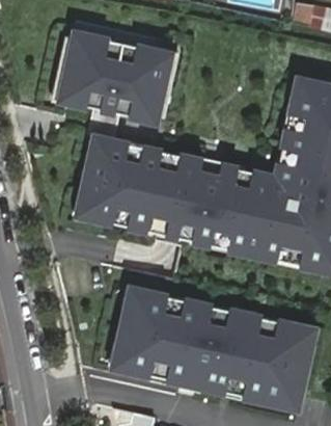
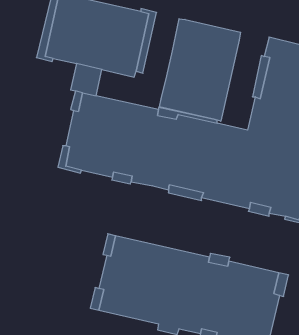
building: none -> [160,19,241,121]

